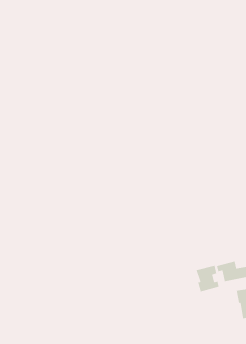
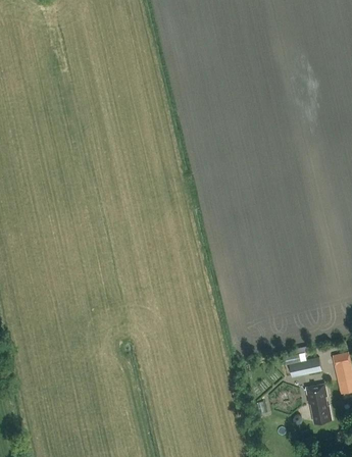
building: [196,265,220,292] -> none

